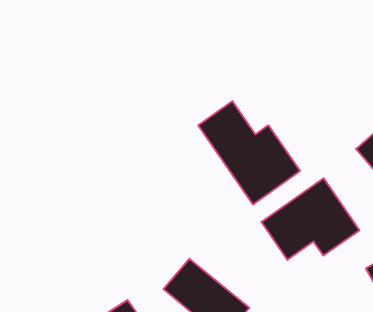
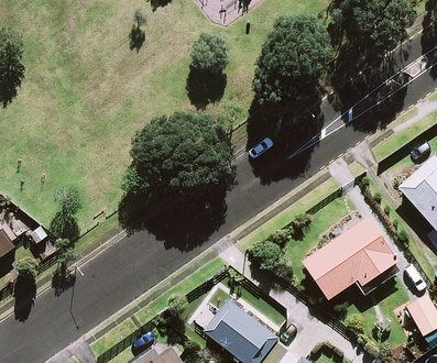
building: [198,101,300,204] -> none

